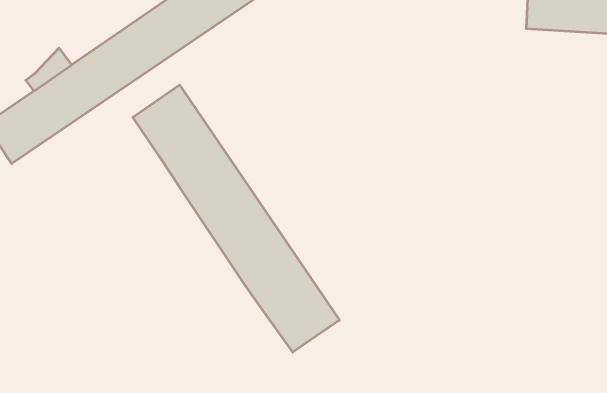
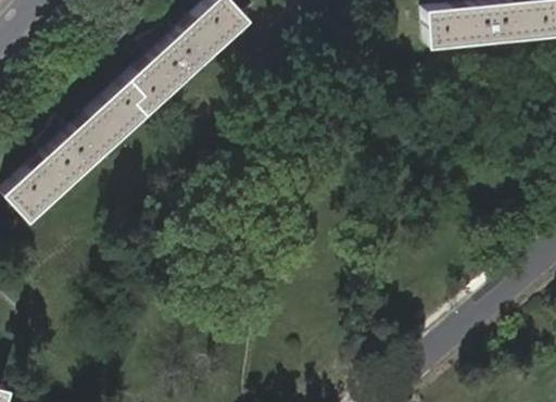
building: [133,85,339,352] -> none

